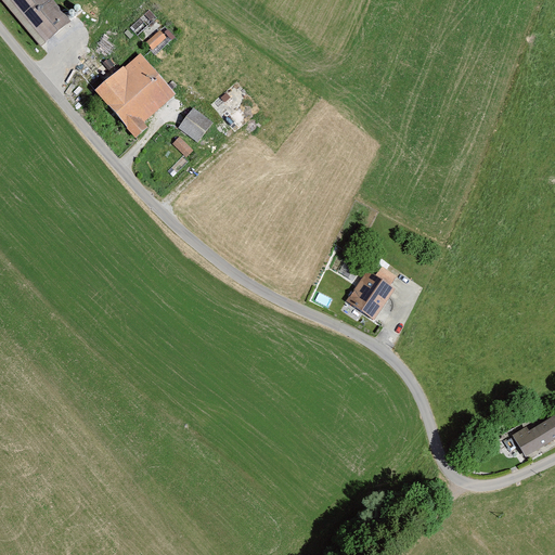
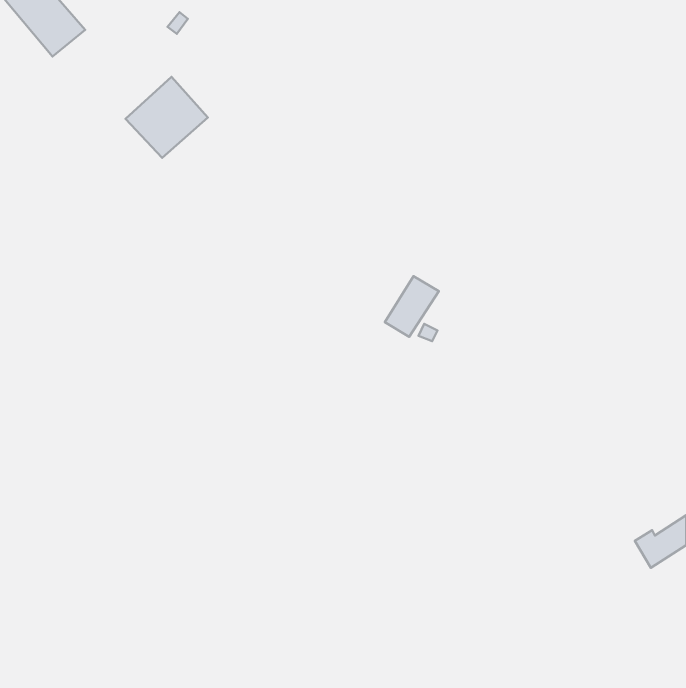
building: [182,111,212,140] -> none
building: [352,267,396,315] -> [385,276,439,337]

